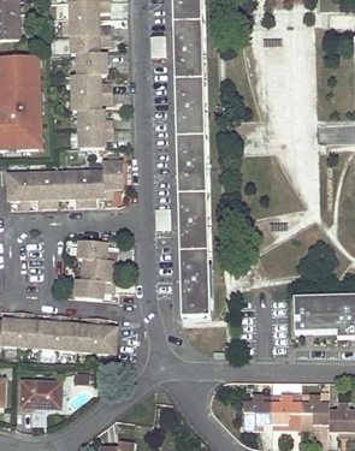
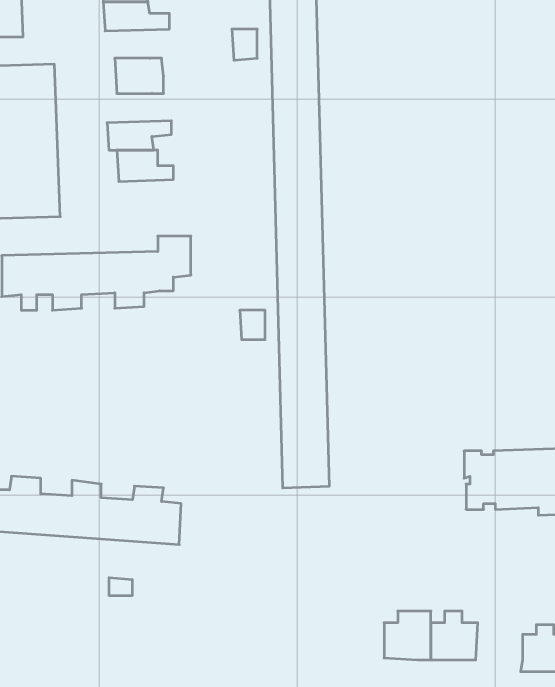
building: [70,34,110,52] -> none
building: [71,73,111,91] -> none
building: [78,126,113,147] -> none
building: [73,239,117,298] -> none
building: [19,379,59,408] -> none
building: [298,393,327,422] -> none

